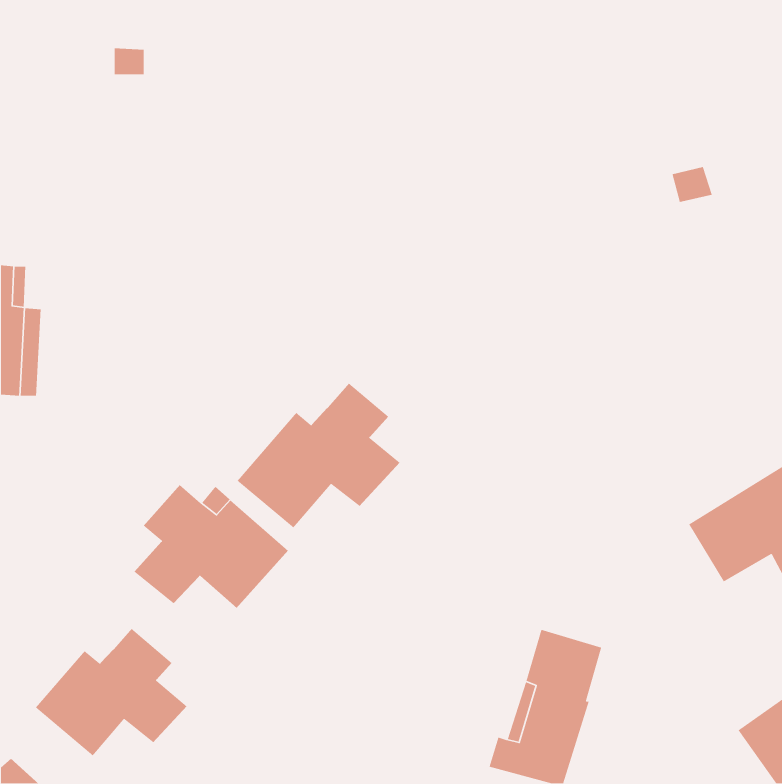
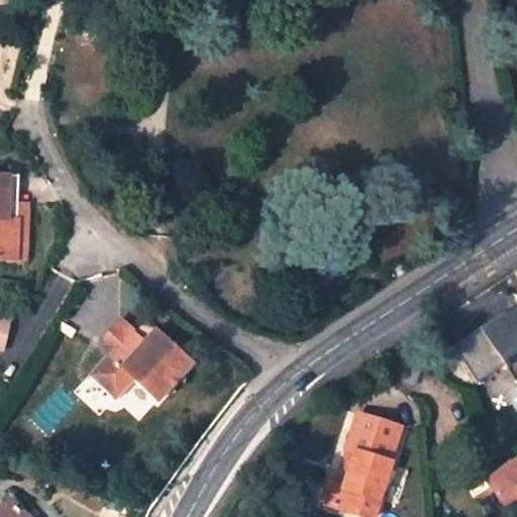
building: [236,382,400,528] -> none
building: [35,628,187,756] -> none

